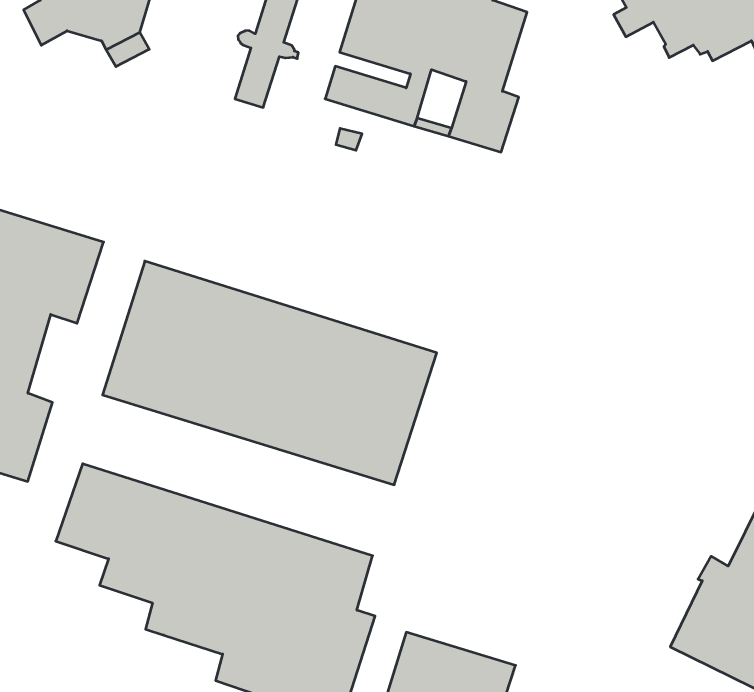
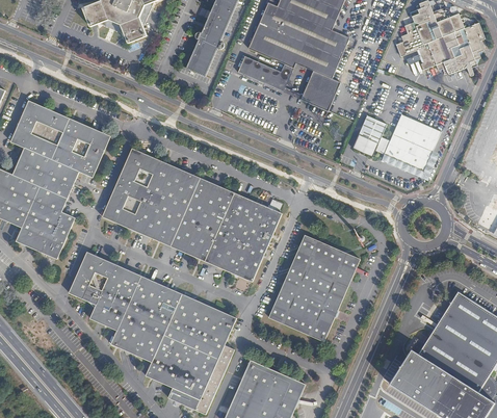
building: none -> [351,113,440,172]
building: none -> [267,234,359,341]

